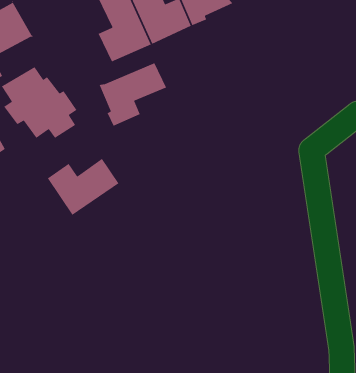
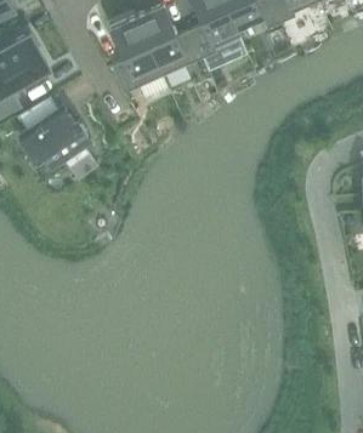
building: [99,62,167,127] -> none
building: [47,158,120,216] -> none

